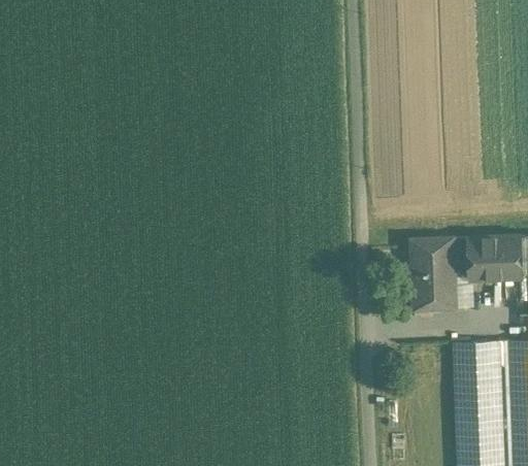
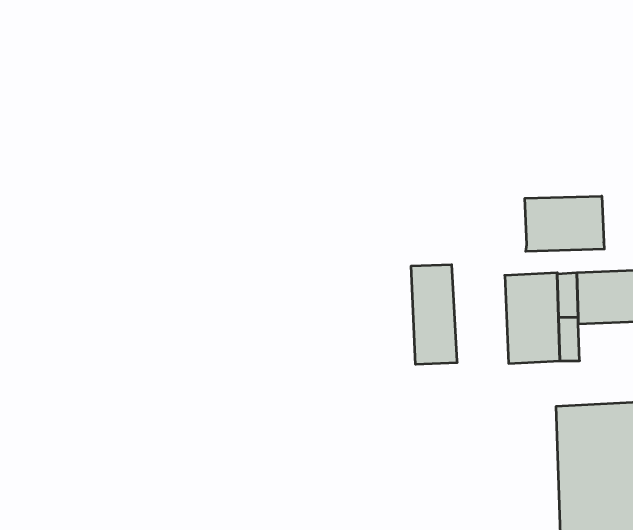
building: none -> [525,196,604,251]
building: none -> [411,265,457,364]

